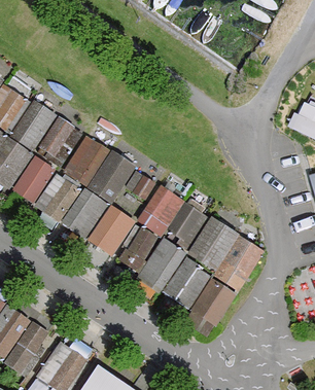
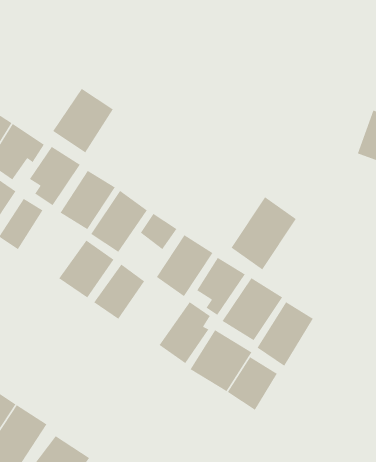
building: none -> [52,88,114,154]
building: none -> [230,196,297,271]
building: [36,177,78,220] -> none
building: [119,226,154,272] -> none

